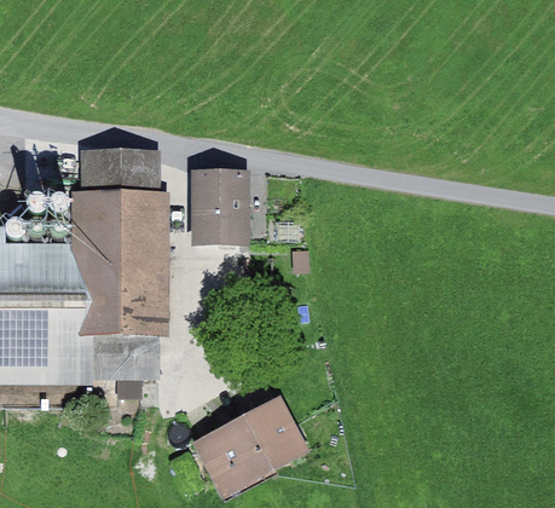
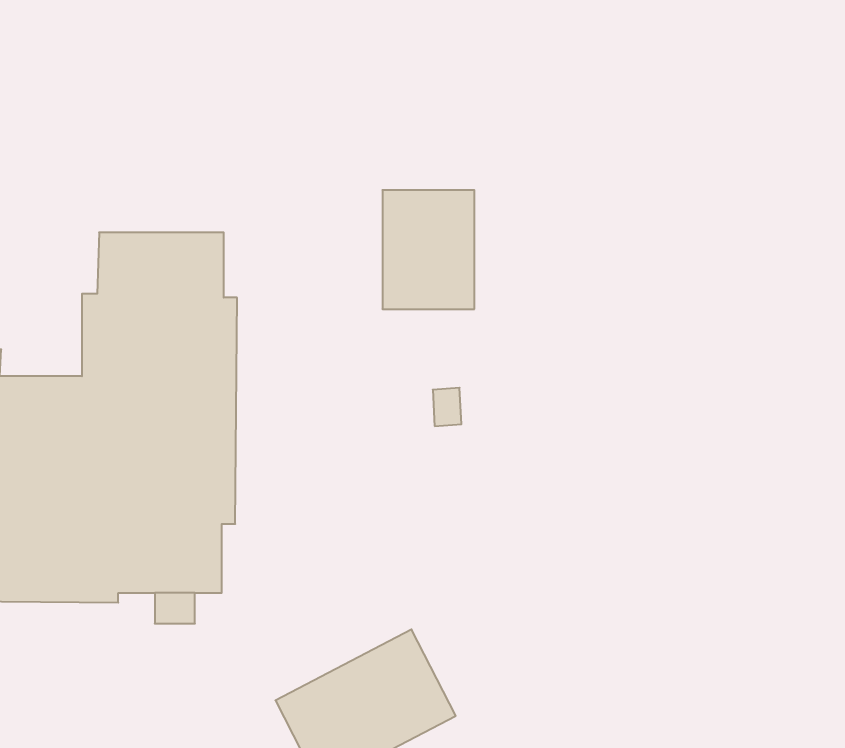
building: [191,169,249,244] -> [382,190,474,309]

